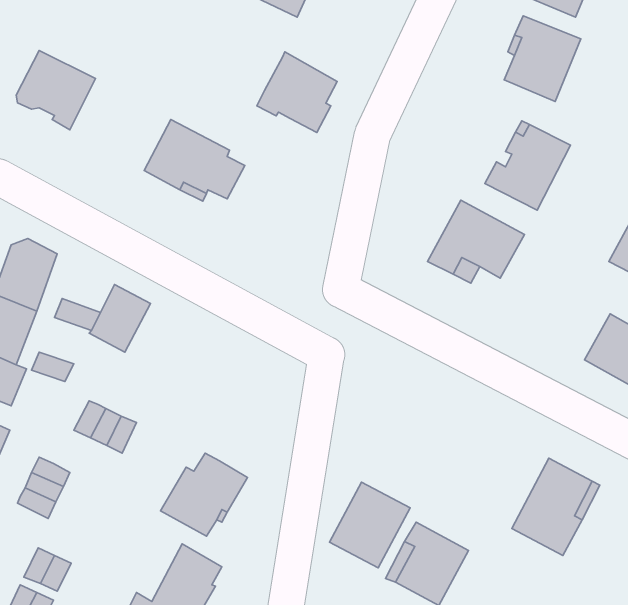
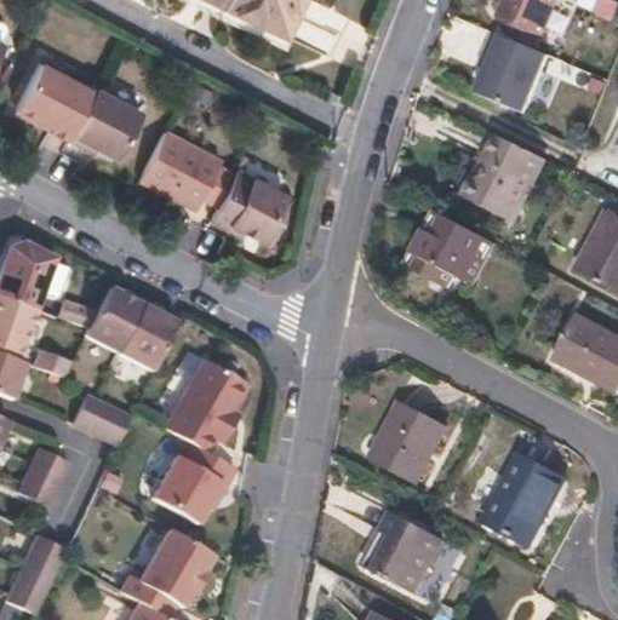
building: [257,52,337,133] -> [208,168,285,245]
building: none -> [67,96,136,159]
building: none -> [119,304,176,368]
building: none -> [166,360,248,453]
building: [330,482,410,568] -> [368,398,445,480]

